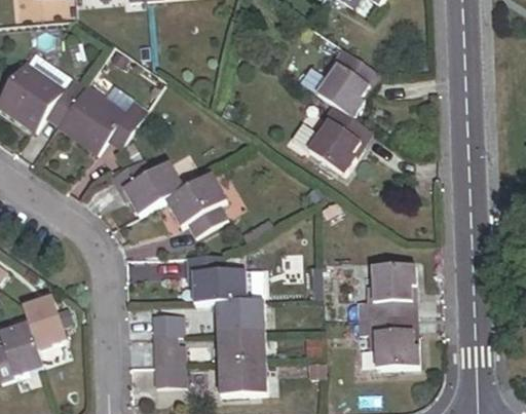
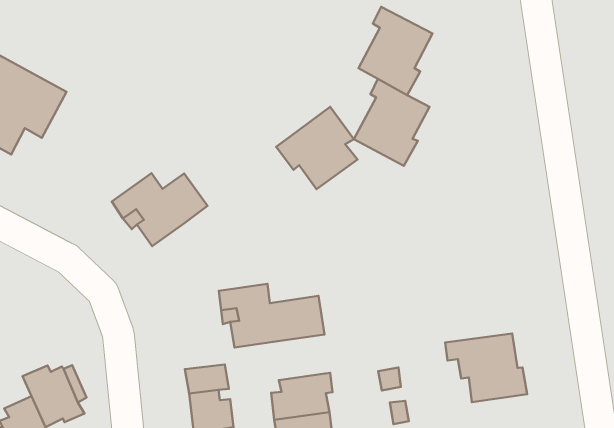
building: [57,83,146,152] -> none
building: [164,173,227,236] -> [276,107,357,189]
building: [358,264,415,317] -> none
building: [216,300,264,332] -> none

